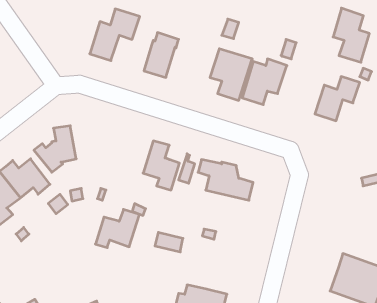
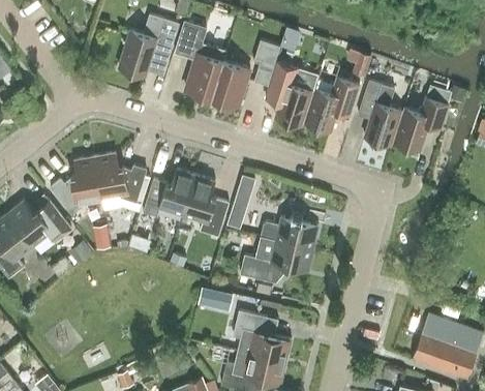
building: [333,8,369,62] -> [357,80,401,146]
building: none -> [175,21,207,59]
building: none -> [253,40,280,85]
building: none -> [212,61,250,107]
building: none -> [95,153,147,203]
building: none -> [240,236,313,282]
building: [95,209,139,248] -> [143,170,196,216]
building: none -> [233,311,292,363]

